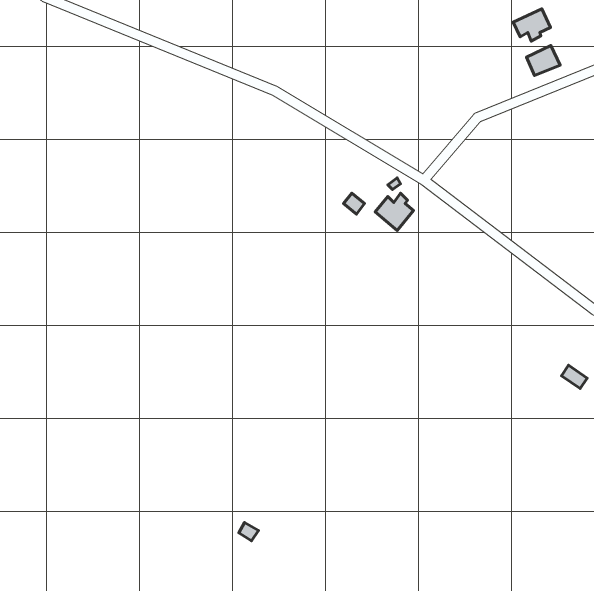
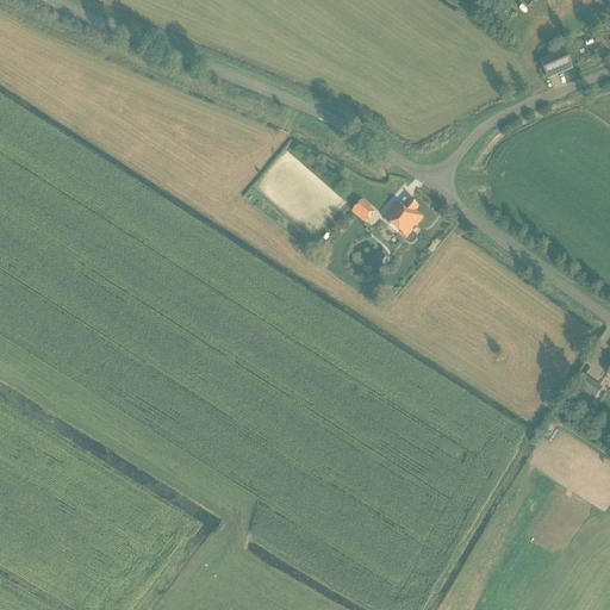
building: [513,9,550,41] -> none

